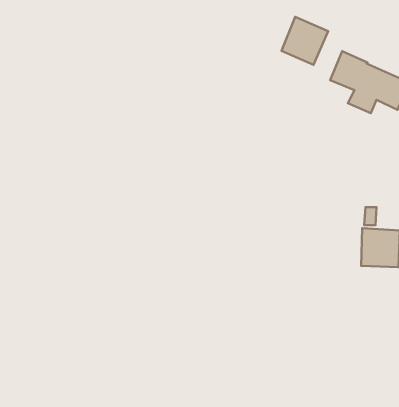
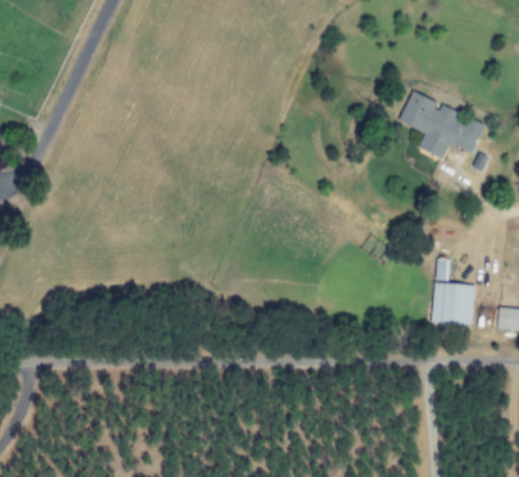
building: [281,17,328,65] -> none

